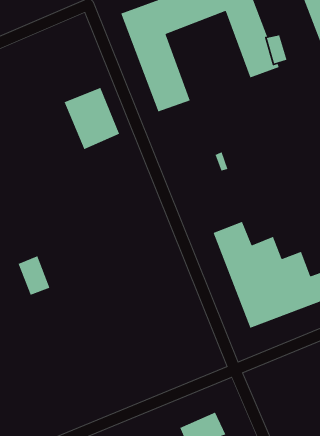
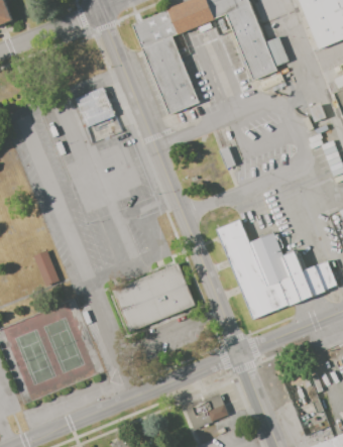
building: none -> [108,257,195,331]

